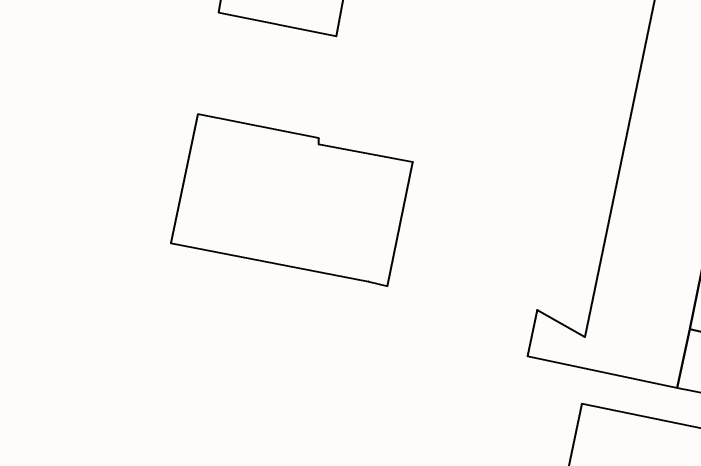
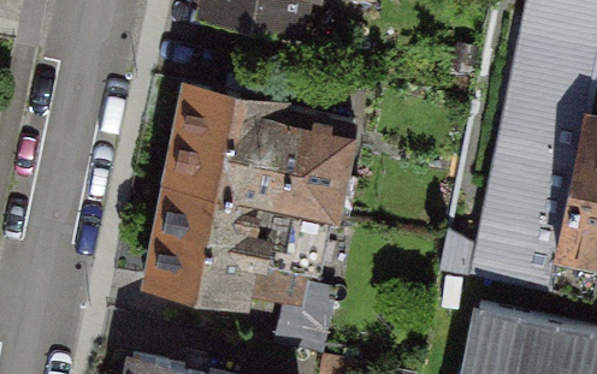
building: none -> [147,184,315,297]

